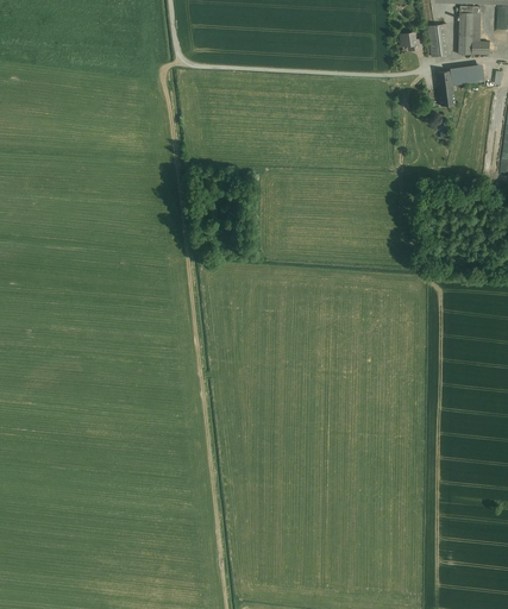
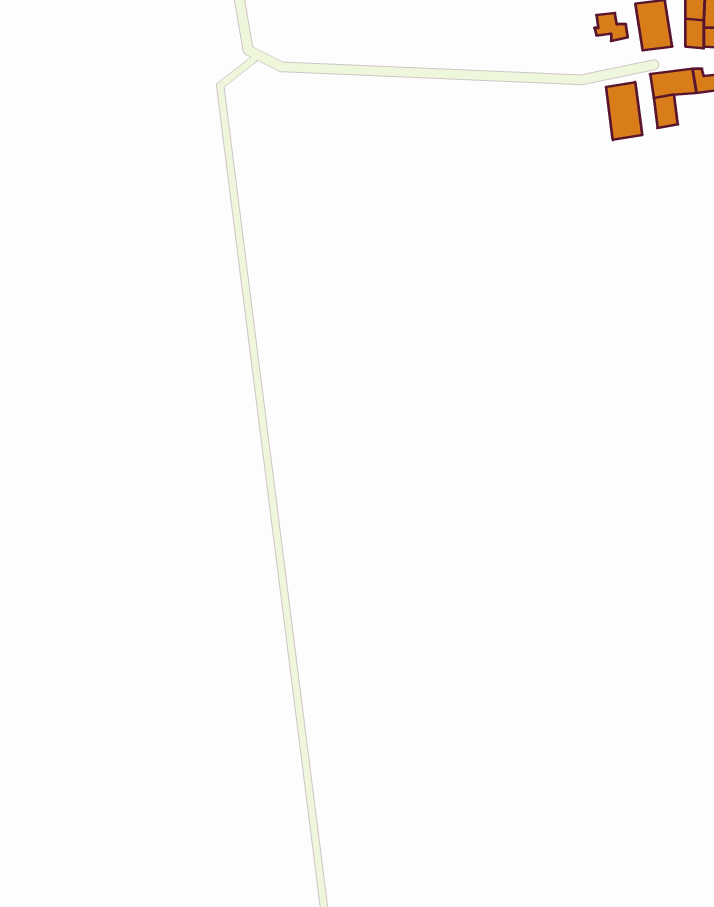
building: none -> [606,82,642,140]

